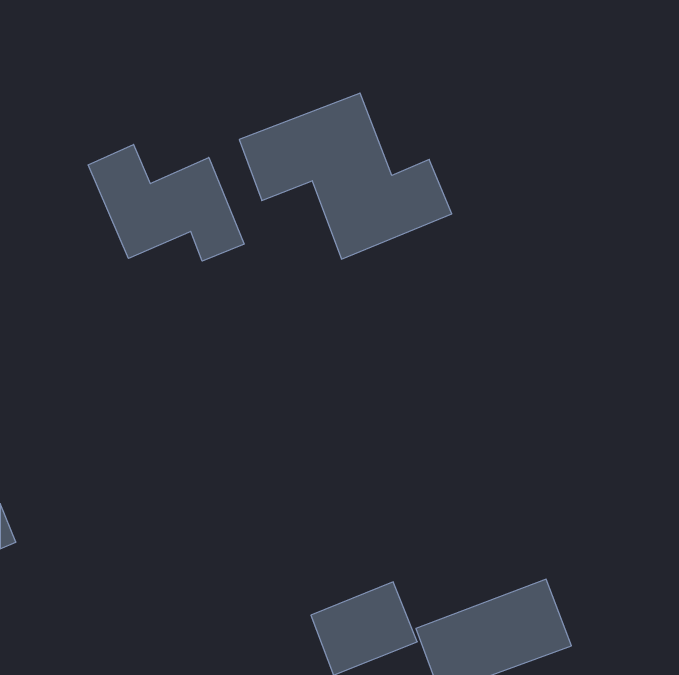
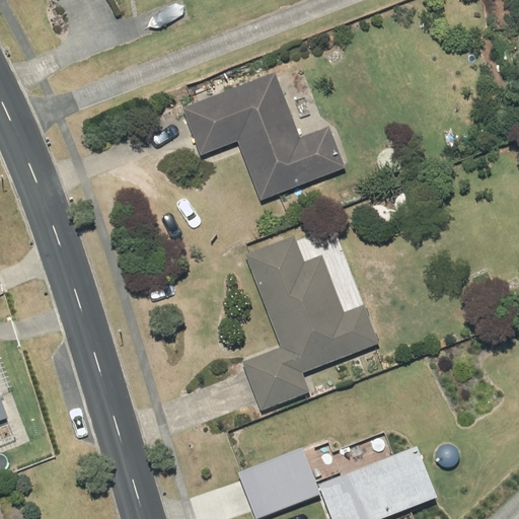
building: [88,144,244,261] -> none
building: none -> [241,236,378,411]

